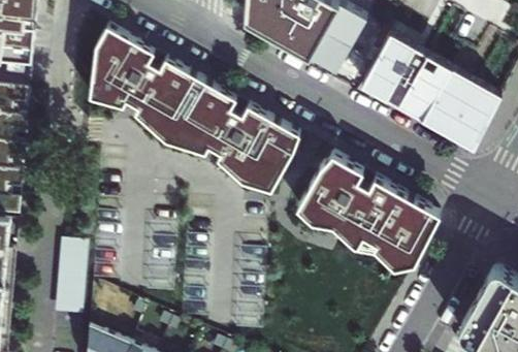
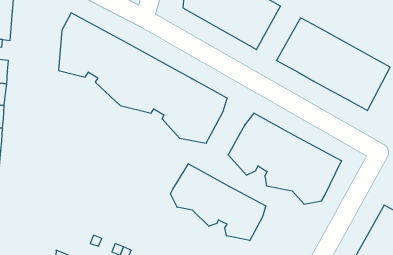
building: none -> [171,164,266,241]
building: [55,242,87,318] -> none

